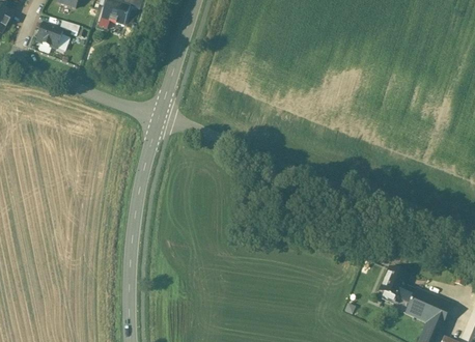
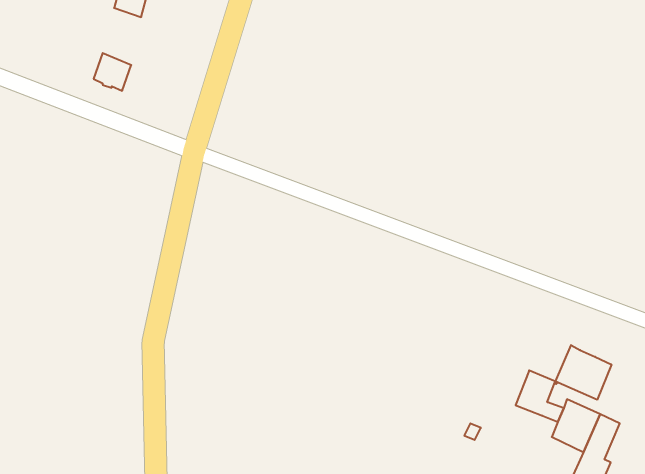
building: [35,22,61,48] -> [94,53,131,91]
building: none -> [556,345,611,400]

